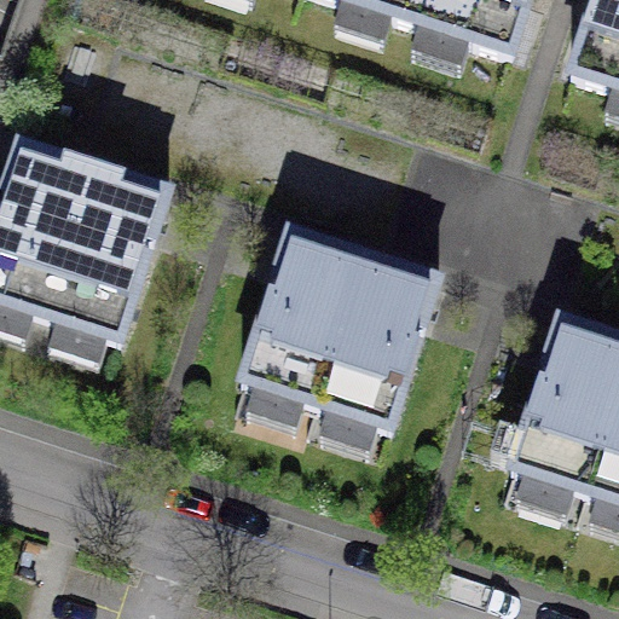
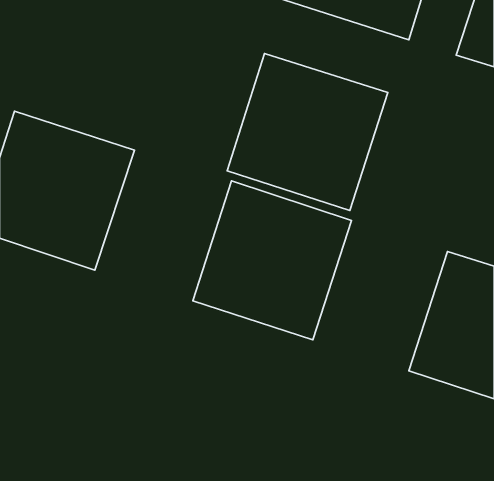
building: none -> [227,54,388,210]

